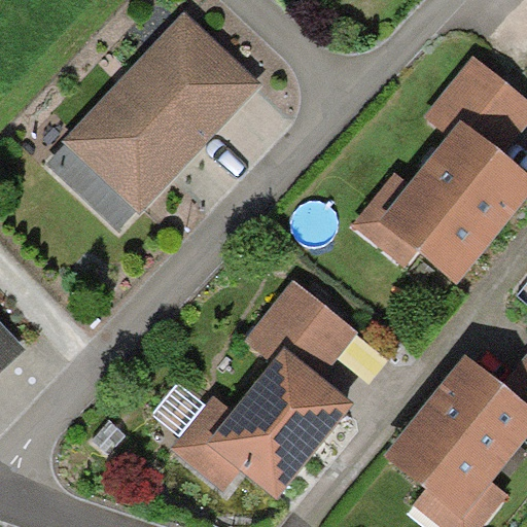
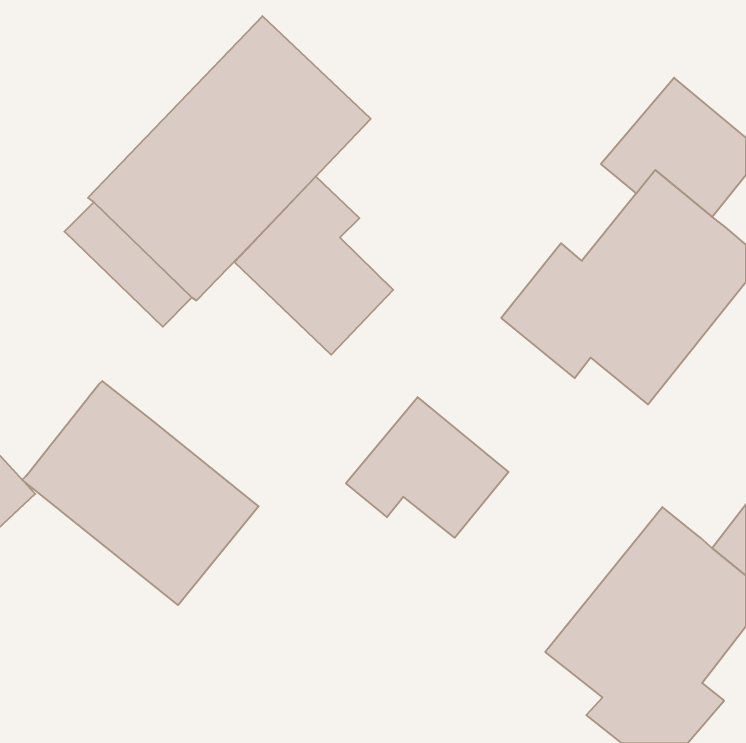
building: none -> [235,176,393,355]
building: none -> [22,381,259,605]
building: [171,349,353,500] -> none

